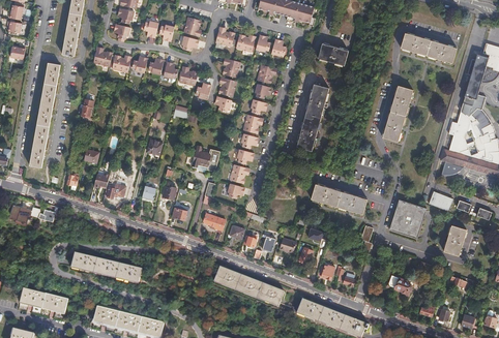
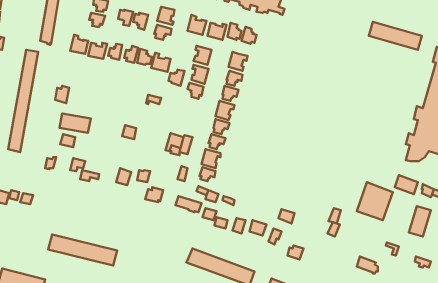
building: [317,40,347,63] -> none
building: [294,81,327,148] -> none
building: [383,85,413,141] -> none
building: none -> [59,113,91,133]
building: [311,183,368,213] -> none

